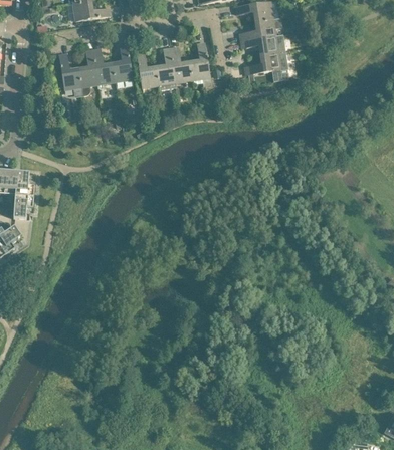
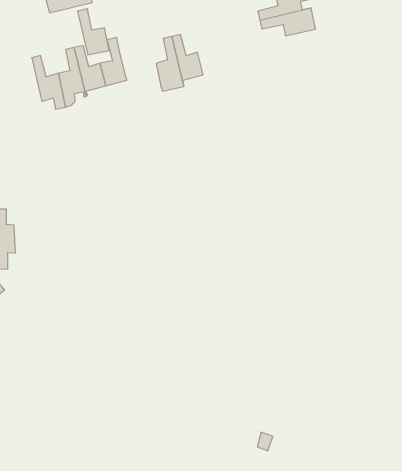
building: [189,42,210,86] -> none
building: [136,51,158,87] -> [77,9,109,55]
building: [244,51,286,74] -> none

